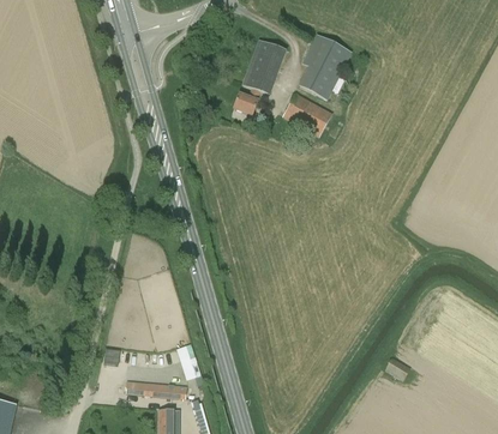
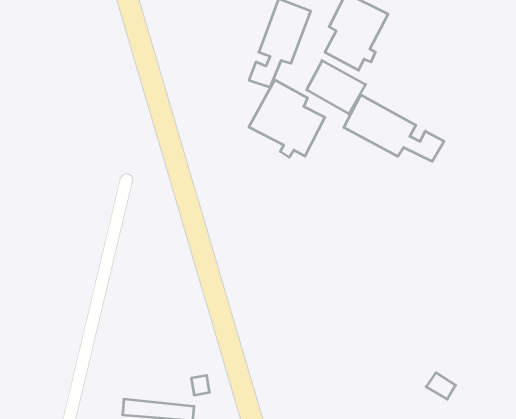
building: none -> [249,80,325,157]
building: none -> [344,95,444,161]

